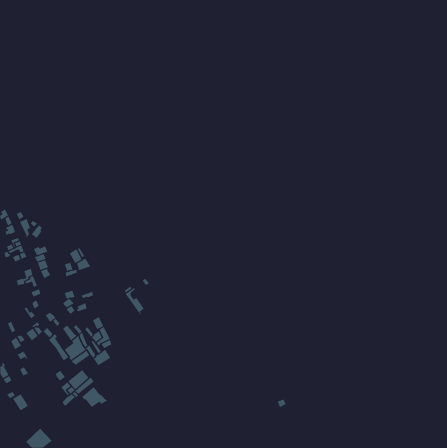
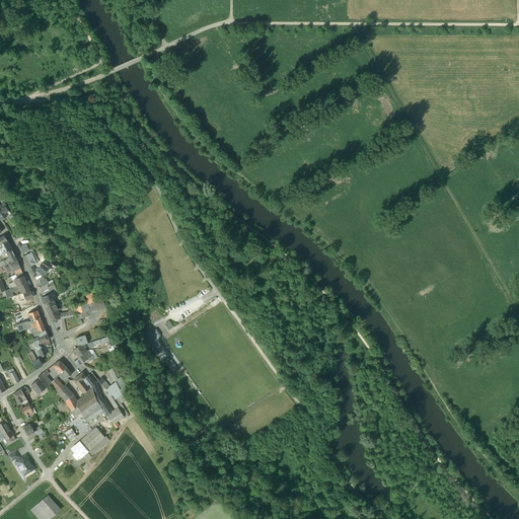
building: [81,386,108,408] -> none

